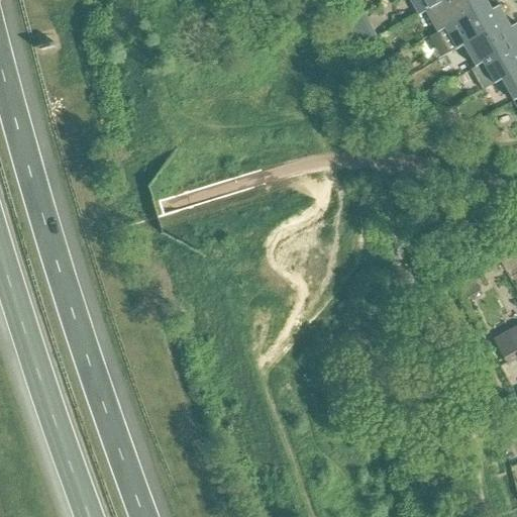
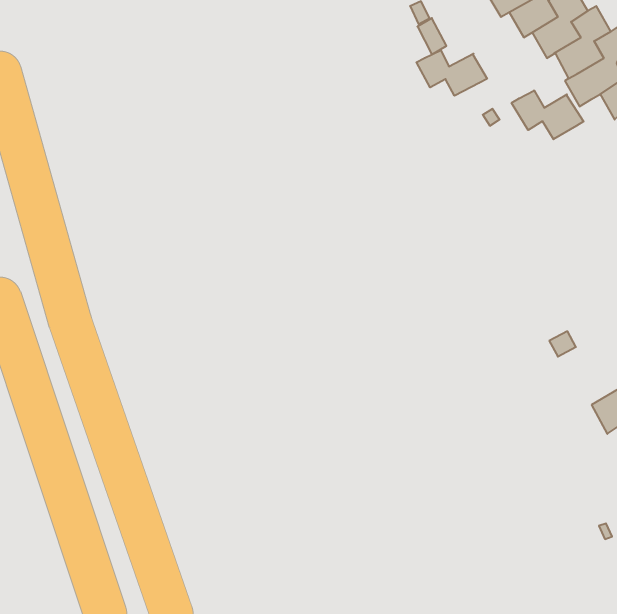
building: none -> [416,50,487,96]
building: none -> [512,90,584,139]

